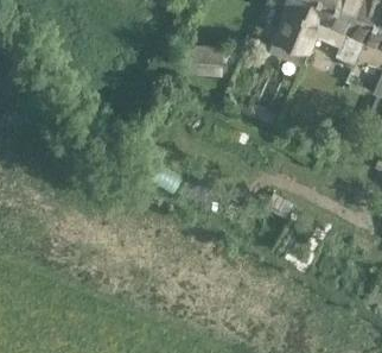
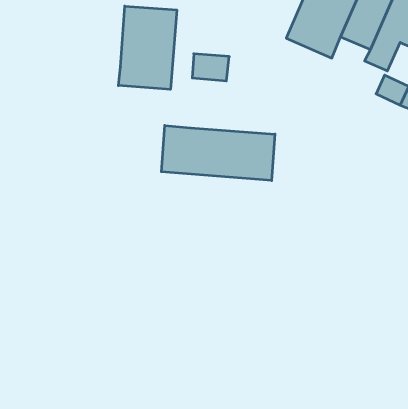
building: none -> [118,6,177,89]
building: none -> [161,125,275,181]

